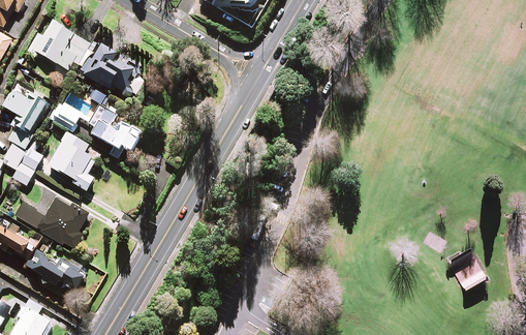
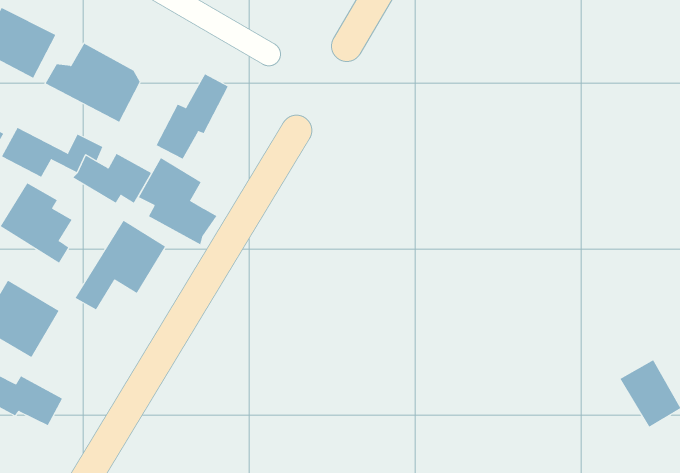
building: none -> [156,74,229,160]
building: none -> [138,157,217,245]
building: none -> [75,220,166,310]

